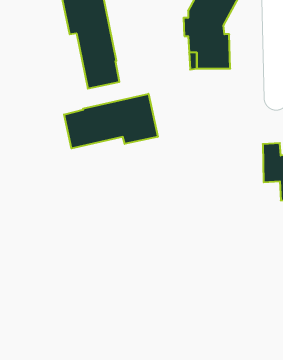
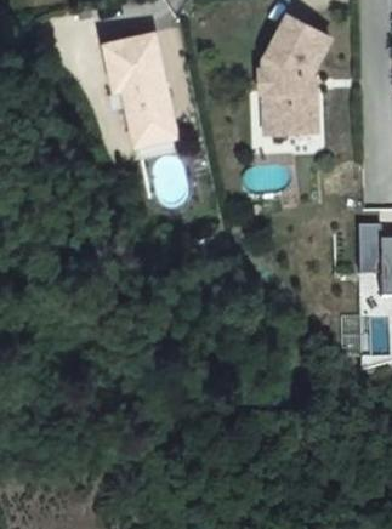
building: [64,94,158,148] -> none

